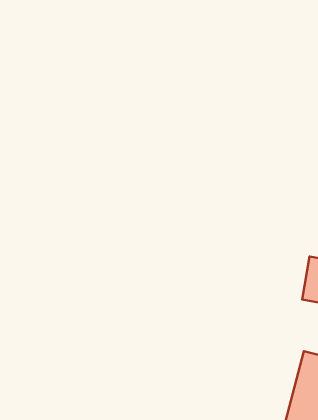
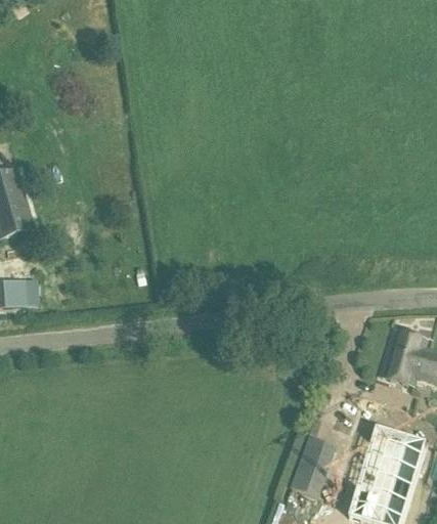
building: none -> [291,436,338,496]

